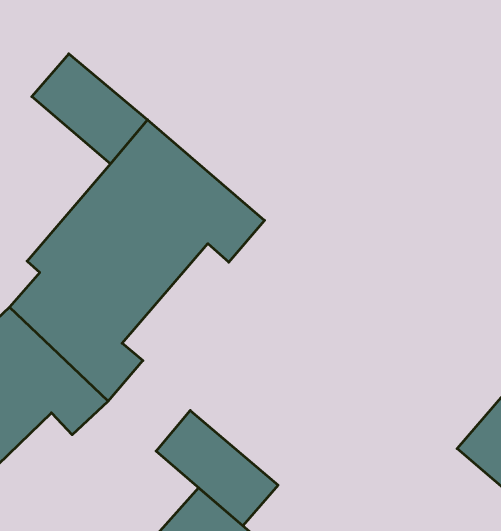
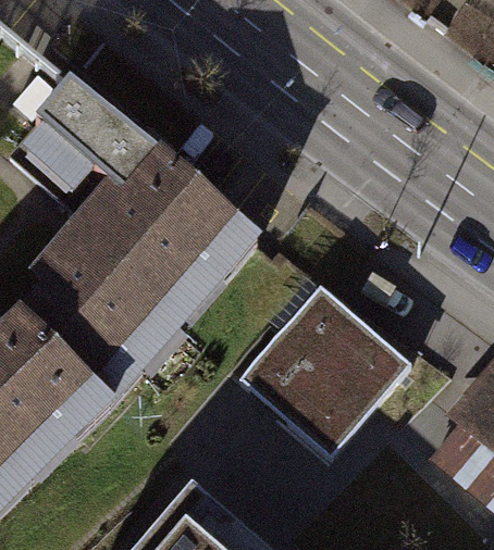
building: none -> [237,280,410,454]
building: [156,410,278,526] -> none

